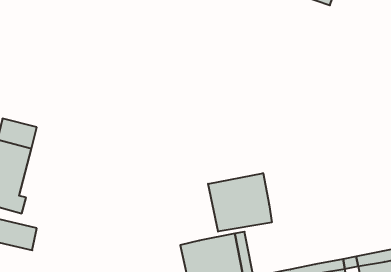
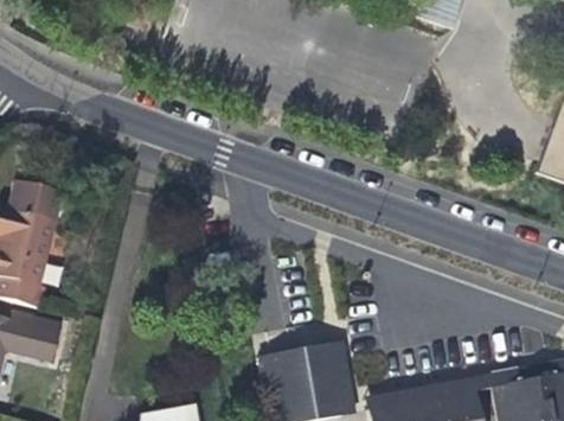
building: [208,173,272,232] -> none

